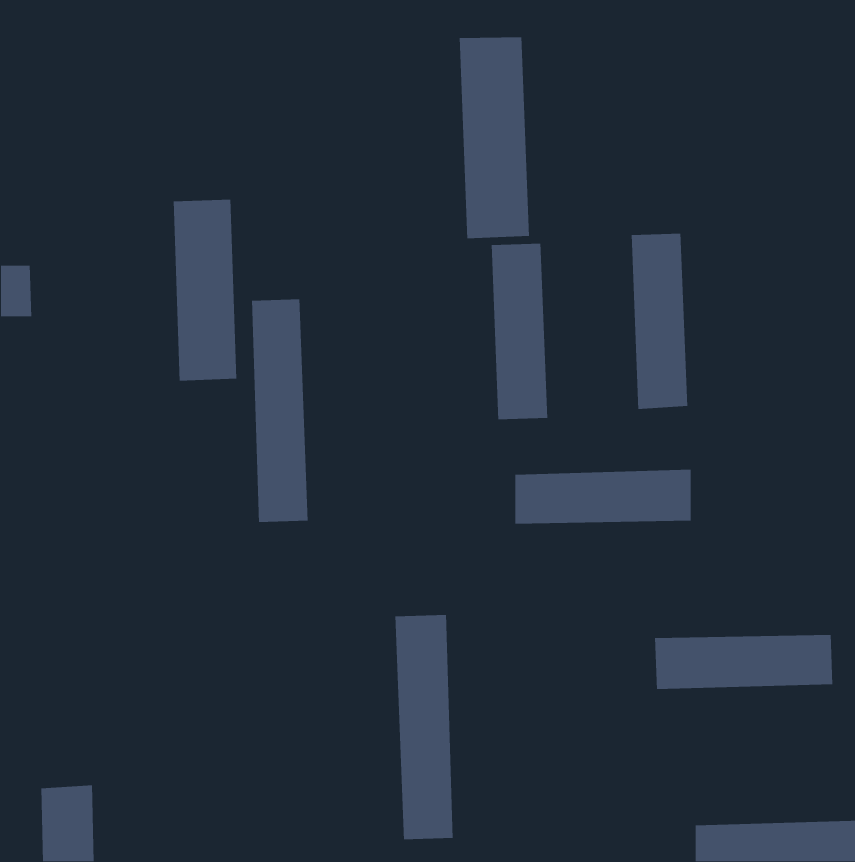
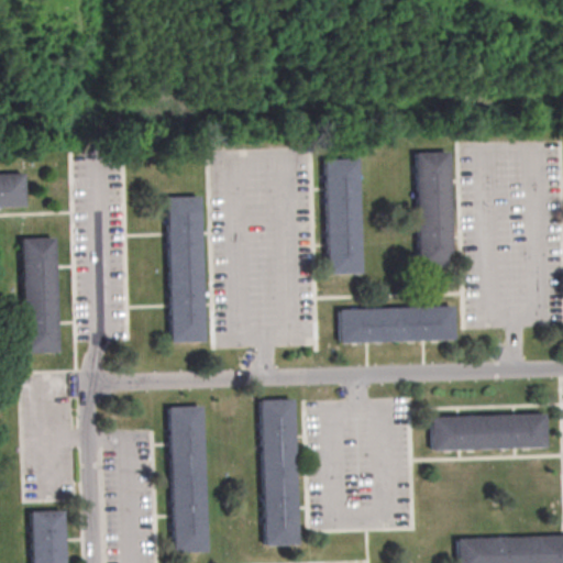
building: [459,37,530,239] -> none
building: [173,199,237,381] -> none
building: none -> [22,236,59,352]
building: none -> [170,408,209,555]

